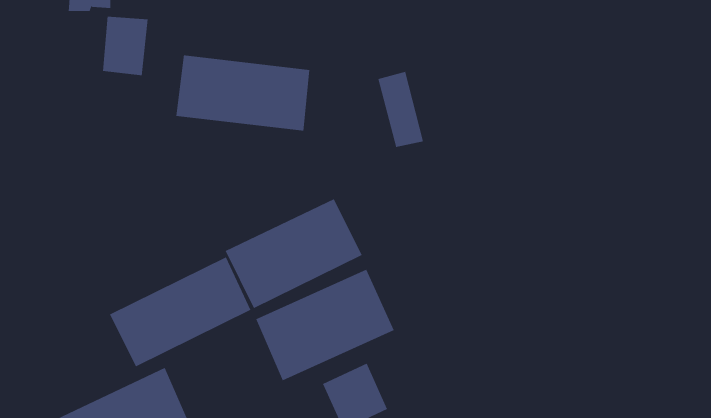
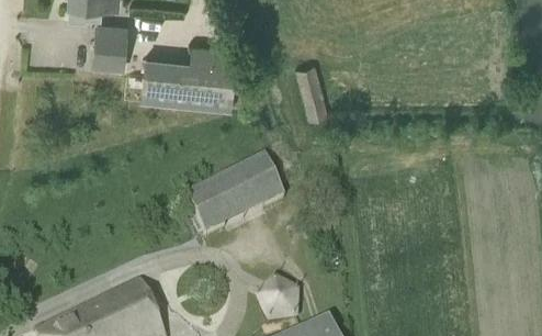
building: [109,257,251,367] -> none
building: [256,269,395,381] -> none

